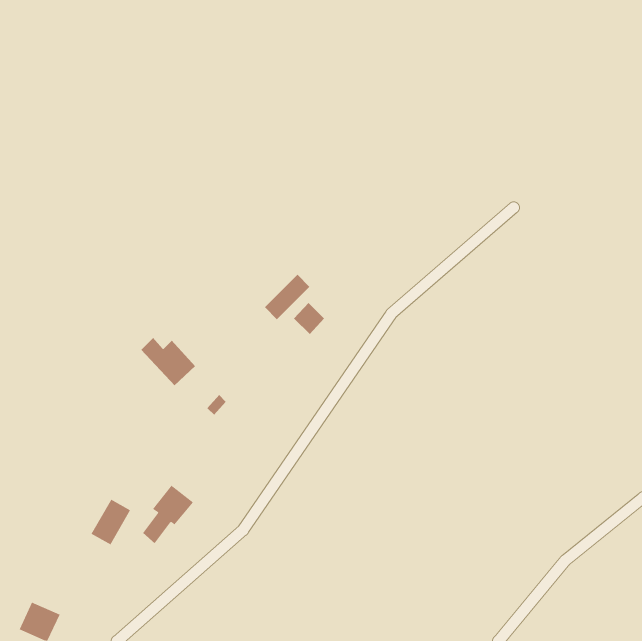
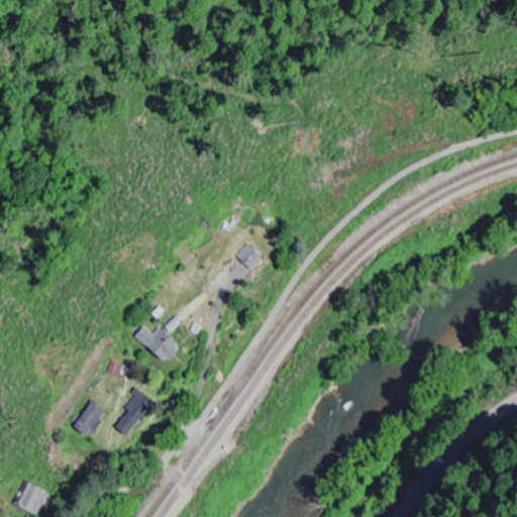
building: [264,274,310,320] -> none
building: [140,337,196,386] -> [135,325,180,365]

